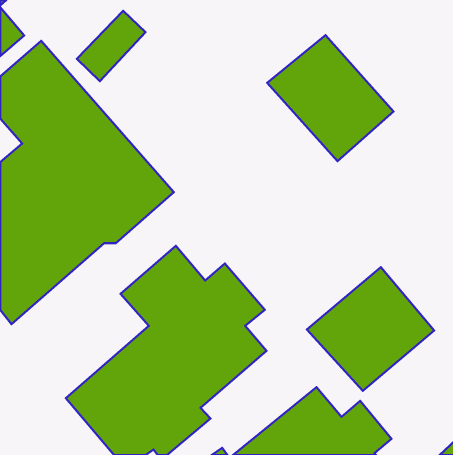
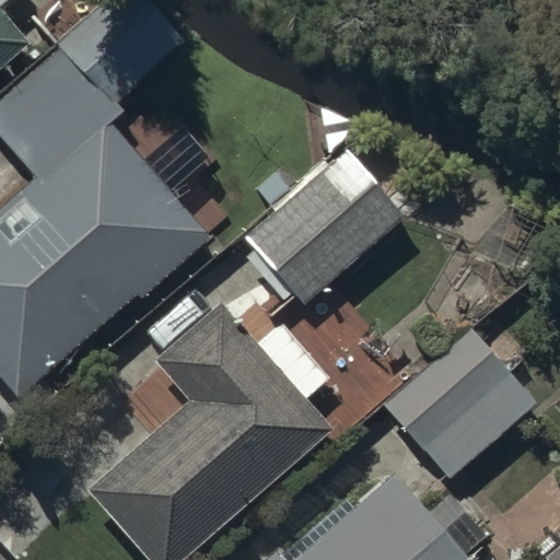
building: [267,35,393,161] -> none
building: none -> [240,149,404,307]

